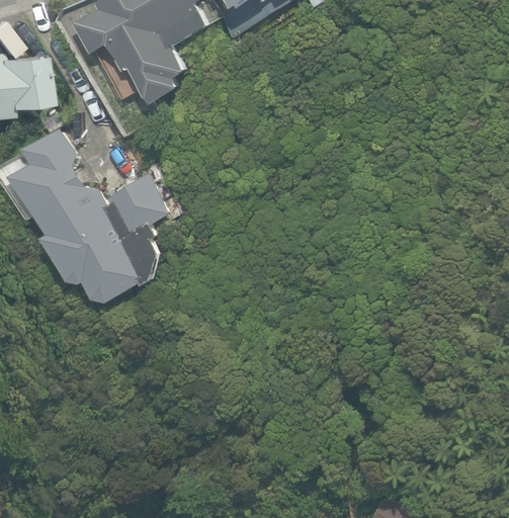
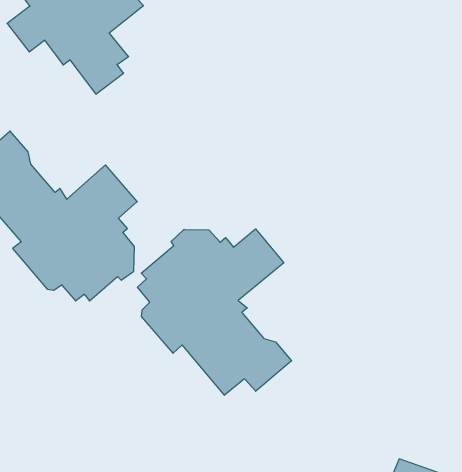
building: none -> [137,229,292,395]

